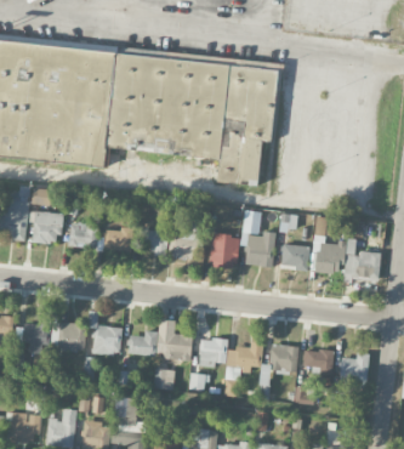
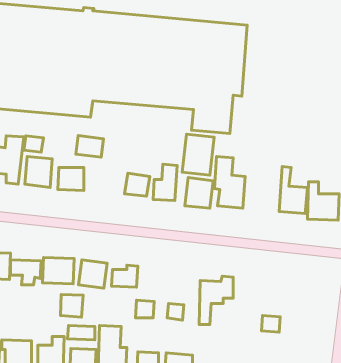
building: none -> [182,134,214,175]
building: [103,228,133,252] -> [76,135,103,157]
building: [280,243,311,268] -> none
building: [158,319,193,360] -> none
building: [199,337,227,365] -> none
building: [260,343,297,385] -> none
building: [302,349,332,374] -> none
building: [338,352,369,388] -> none
building: none -> [60,294,83,317]

